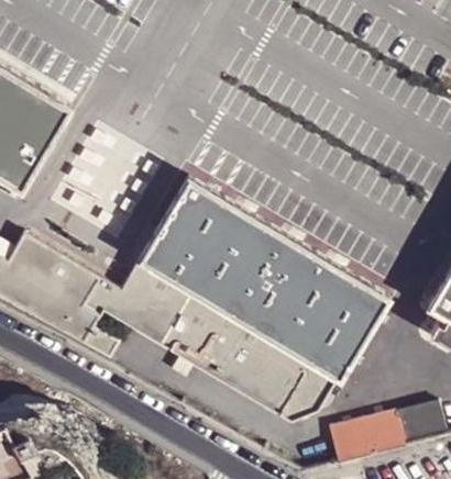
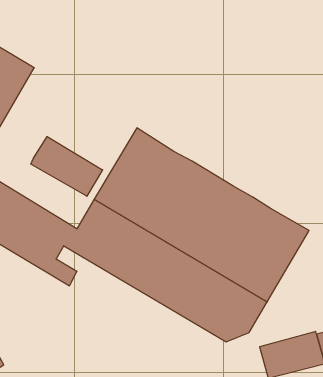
building: none -> [31,137,103,196]

